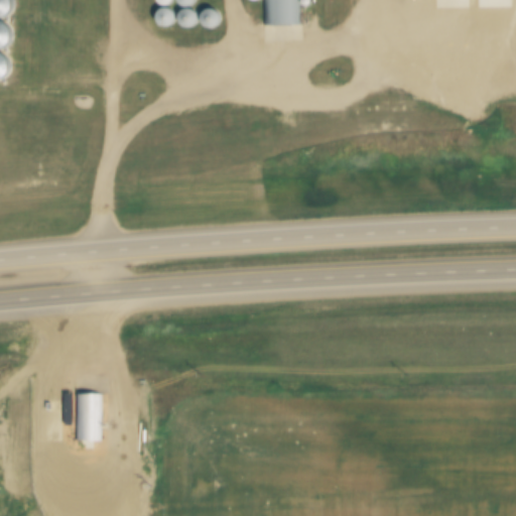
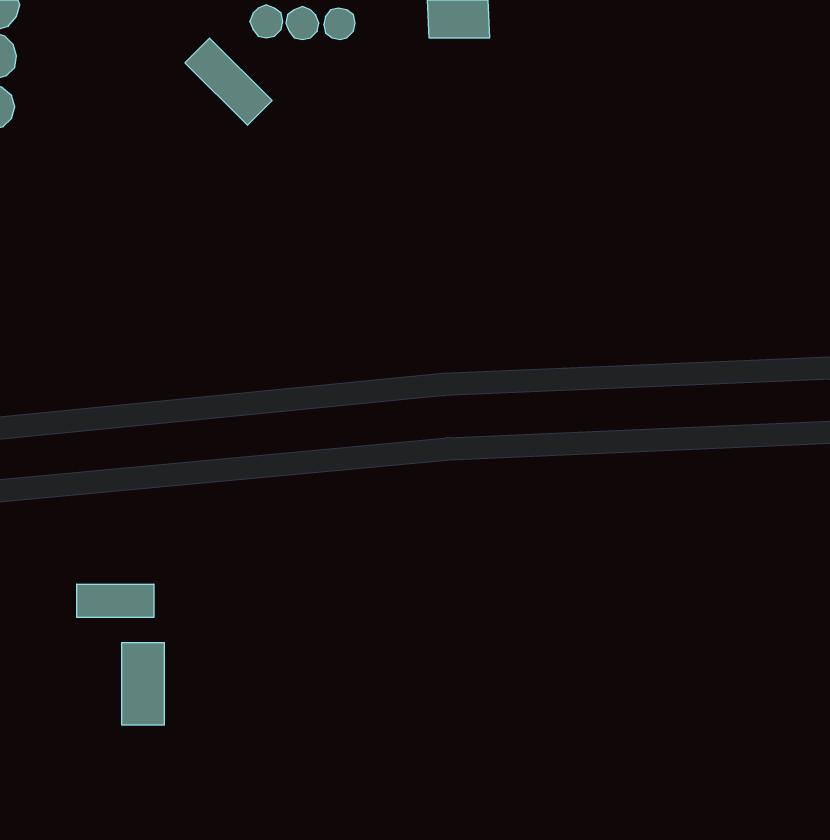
building: none -> [185,38,272,125]
building: none -> [77,584,154,617]

